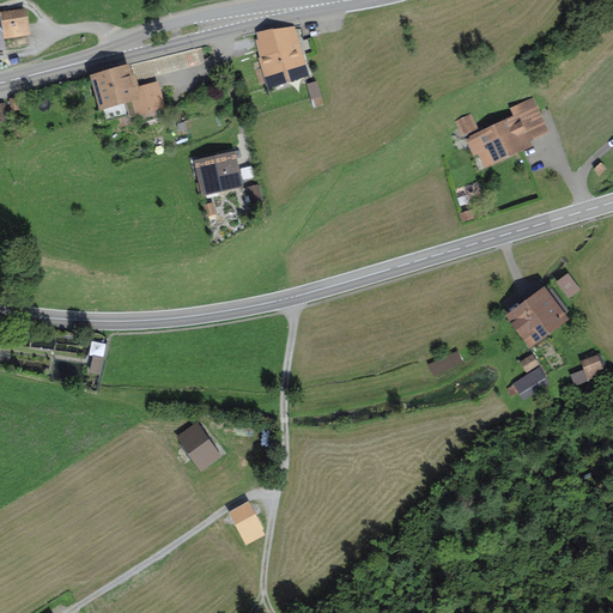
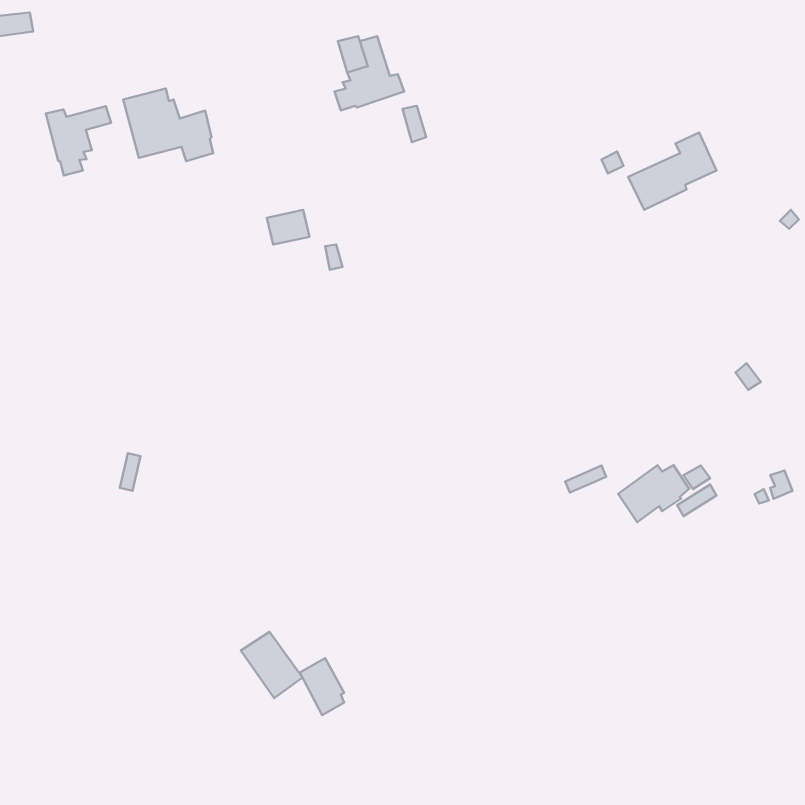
building: none -> [46,106,111,176]
building: [511,295,565,338] -> [618,465,689,522]
building: [174,420,220,471] -> [241,632,303,698]

